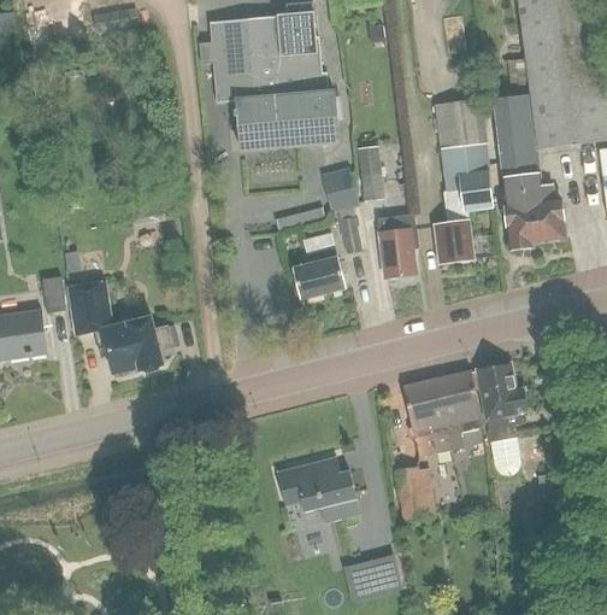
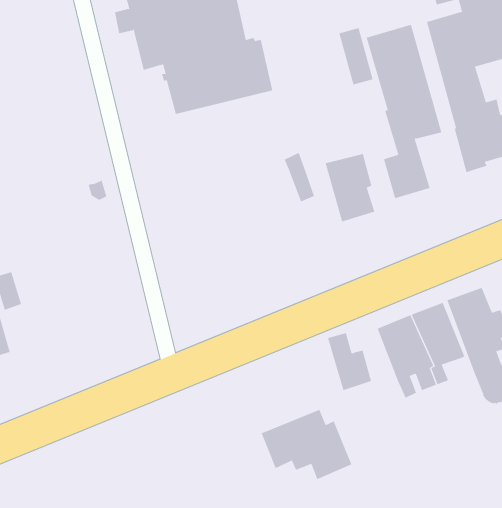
building: [358,145,384,199] -> [339,28,373,85]
building: [320,166,356,210] -> none
building: [291,246,344,298] -> none
building: [67,279,173,373] -> none
building: [396,464,432,520] -> [327,332,372,391]

